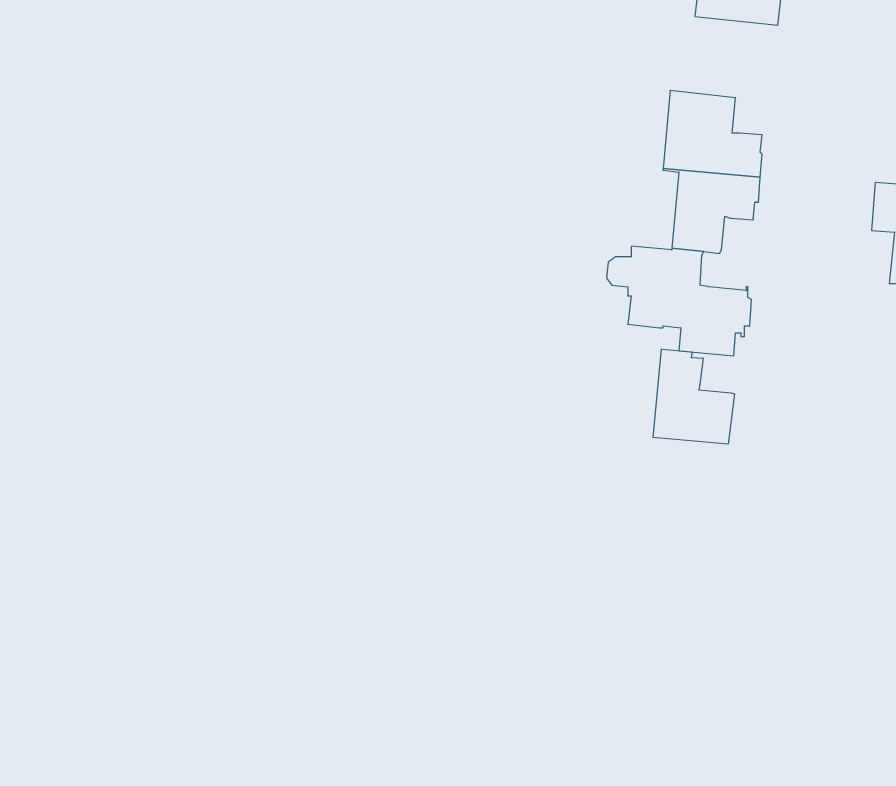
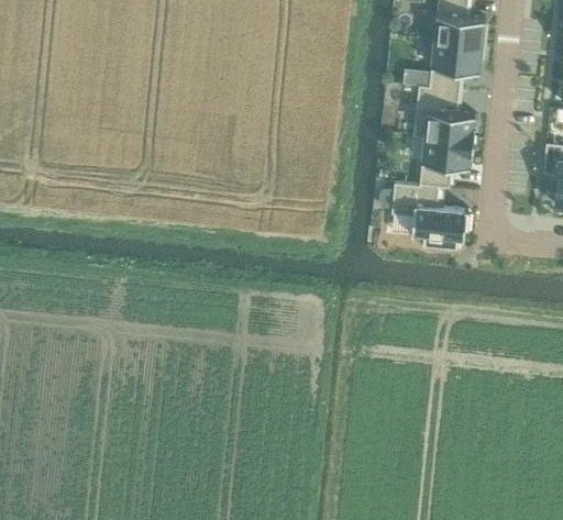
building: none -> [419,37,486,88]
building: [653,349,734,444] -> none

